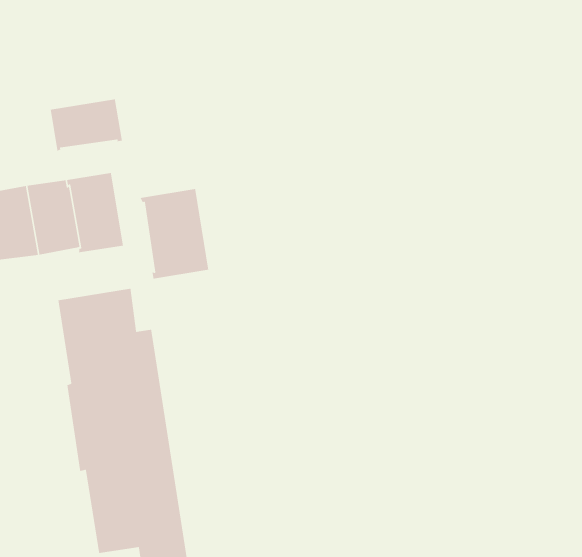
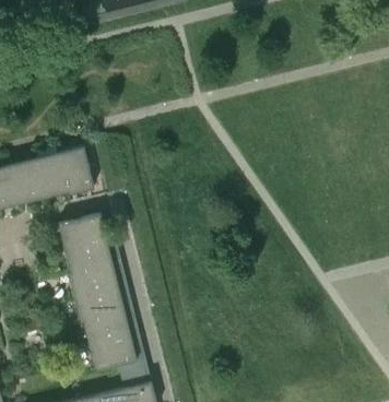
building: [50,98,123,152] -> none
building: [140,188,209,280] -> none

